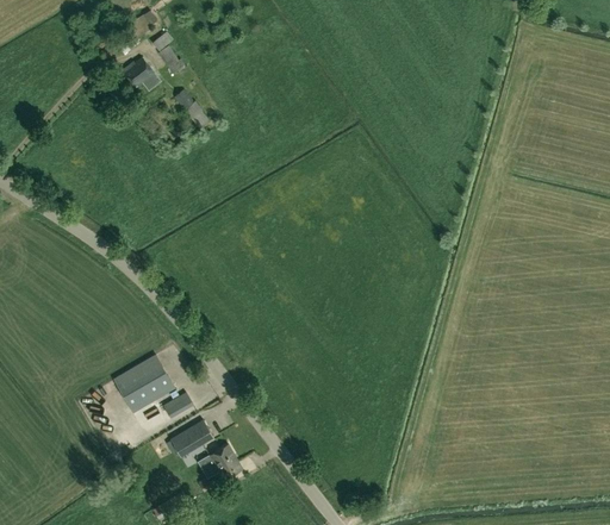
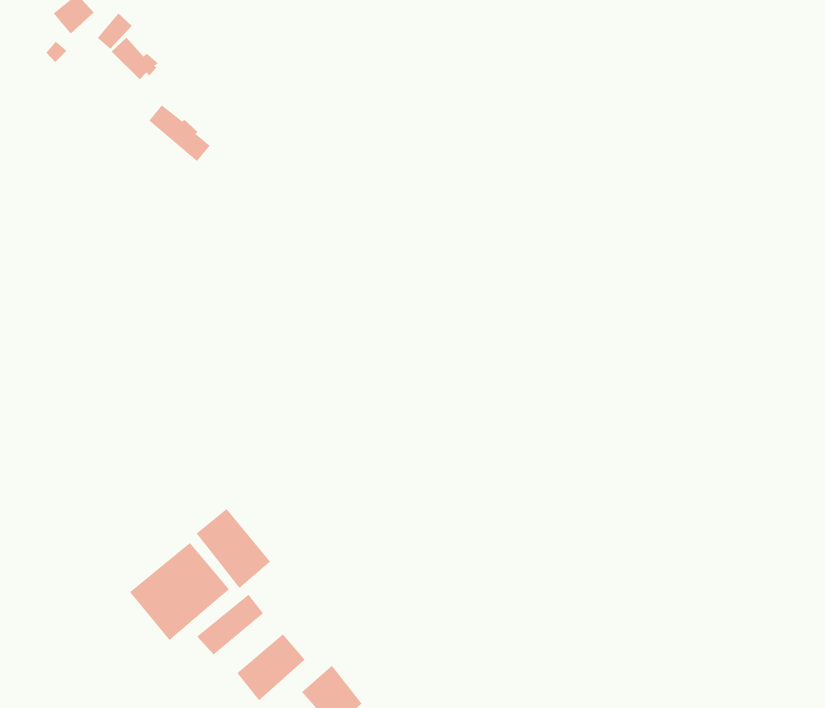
building: [122,57,161,92] -> none
building: none -> [196,508,271,589]

